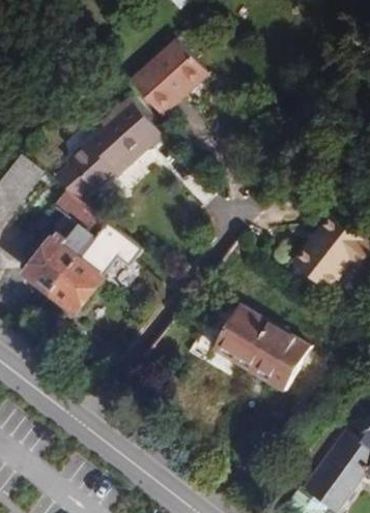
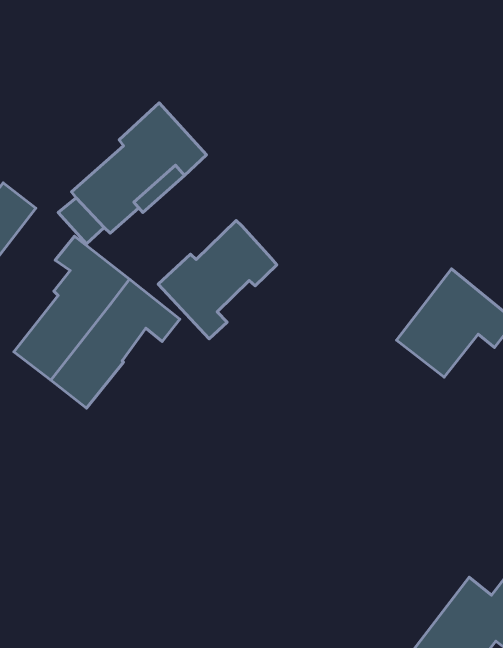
building: [131,39,207,115] -> none
building: none -> [158,221,277,339]
building: [214,304,311,391] -> none

